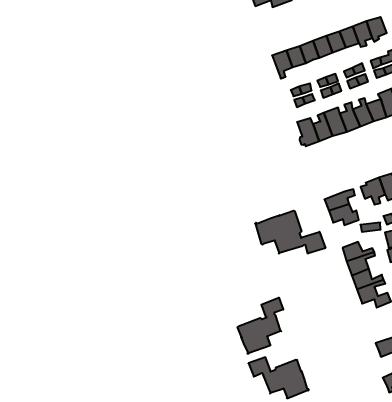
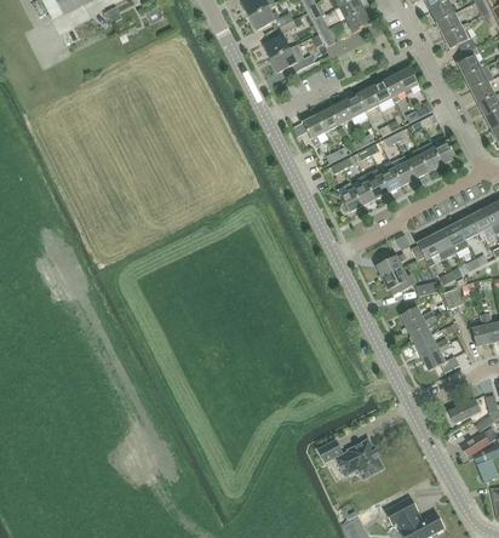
building: [255,211,325,254] -> none
building: [238,298,283,354] -> none

